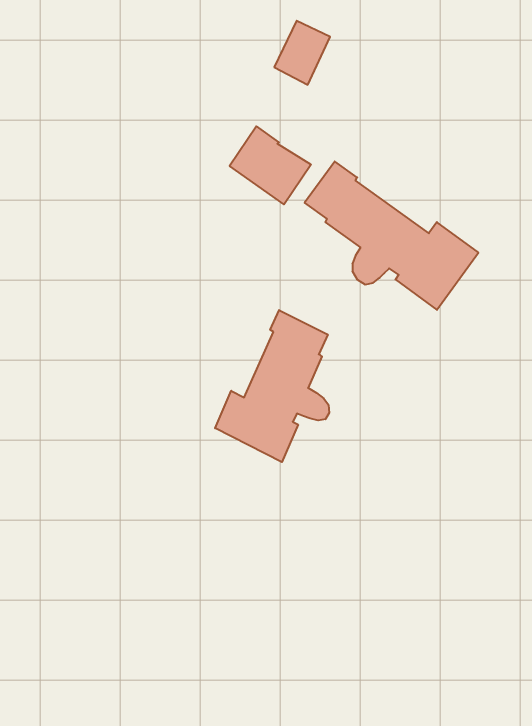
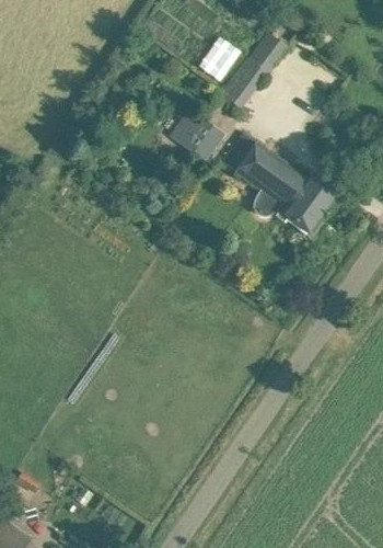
building: none -> [221,32,286,109]
building: [215,310,329,462] -> none

